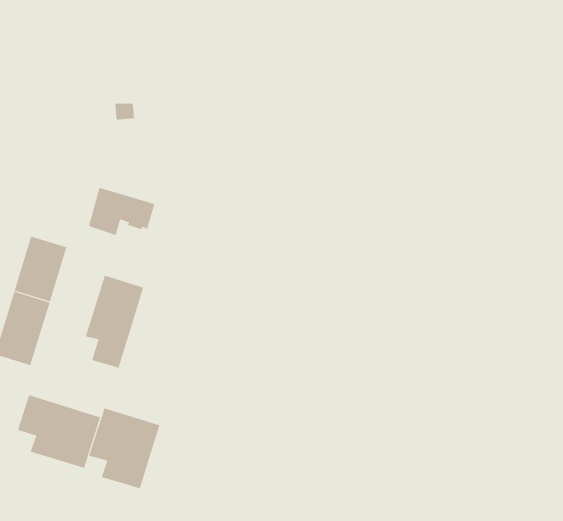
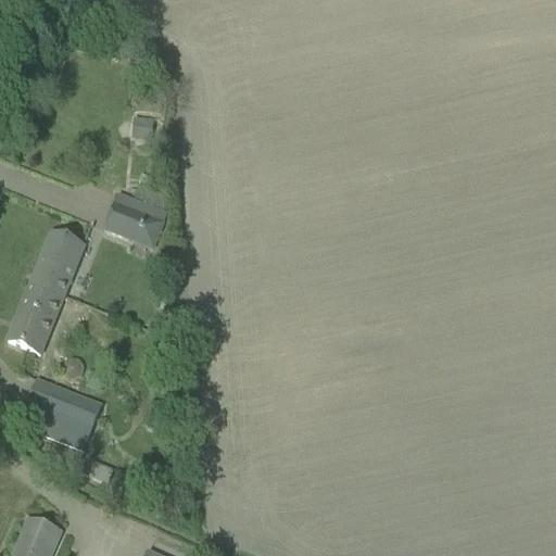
building: [85,275,144,369] -> none
building: [89,407,160,489] -> none

